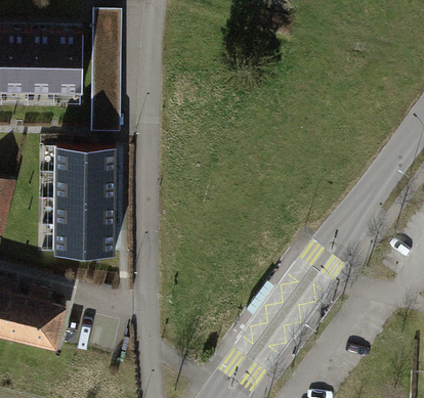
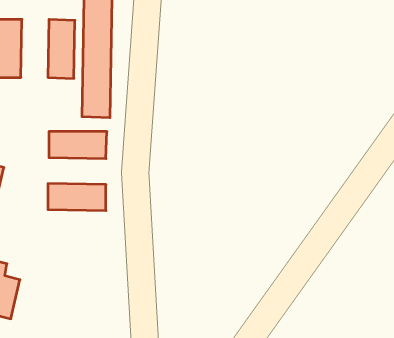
building: [28,33,56,92] -> none
building: [55,174,115,202] -> none
building: [54,227,115,256] -> none
building: [17,286,62,348] -> none

